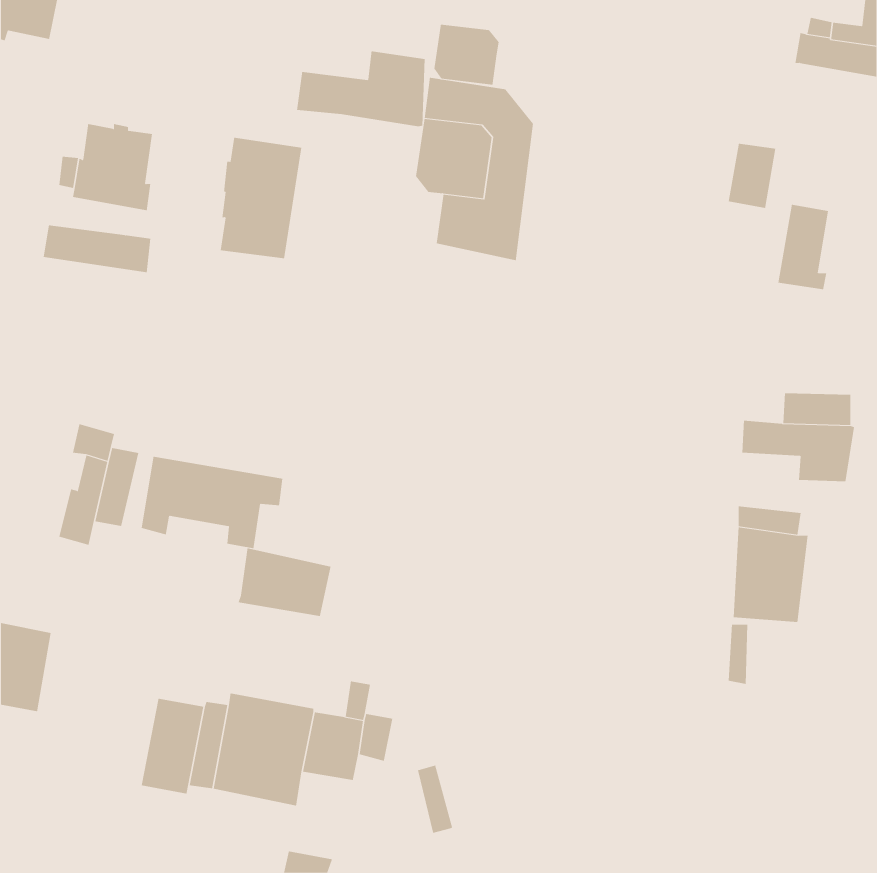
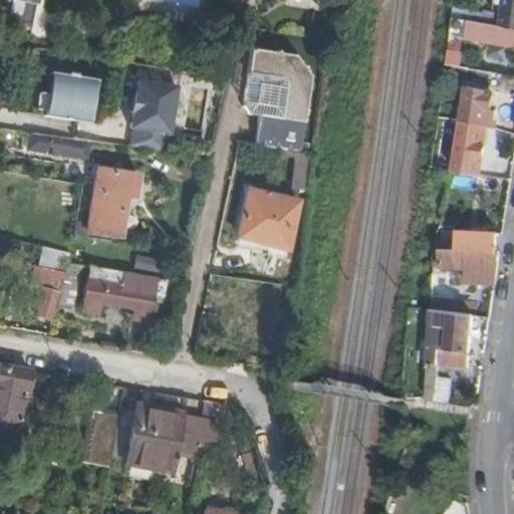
building: [434,24,499,86] -> none
building: [296,50,425,127] -> none
building: [728,143,776,208] -> [463,85,491,123]
building: none -> [87,168,138,237]
building: none -> [237,189,299,248]
building: [238,548,331,617] -> none

